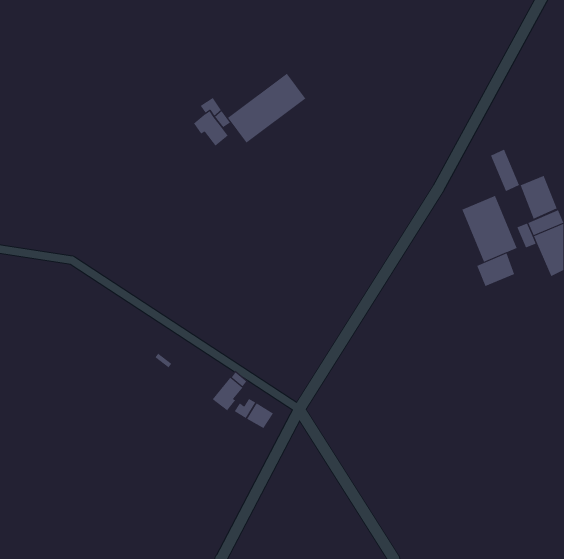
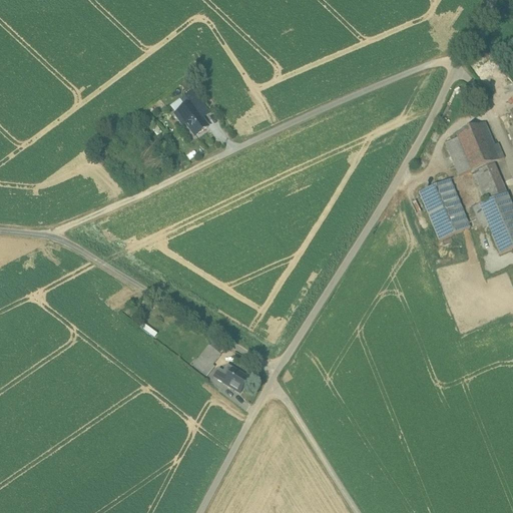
building: [227,73,306,143] -> none
building: none -> [456,119,500,168]
building: [477,253,515,287] -> none

